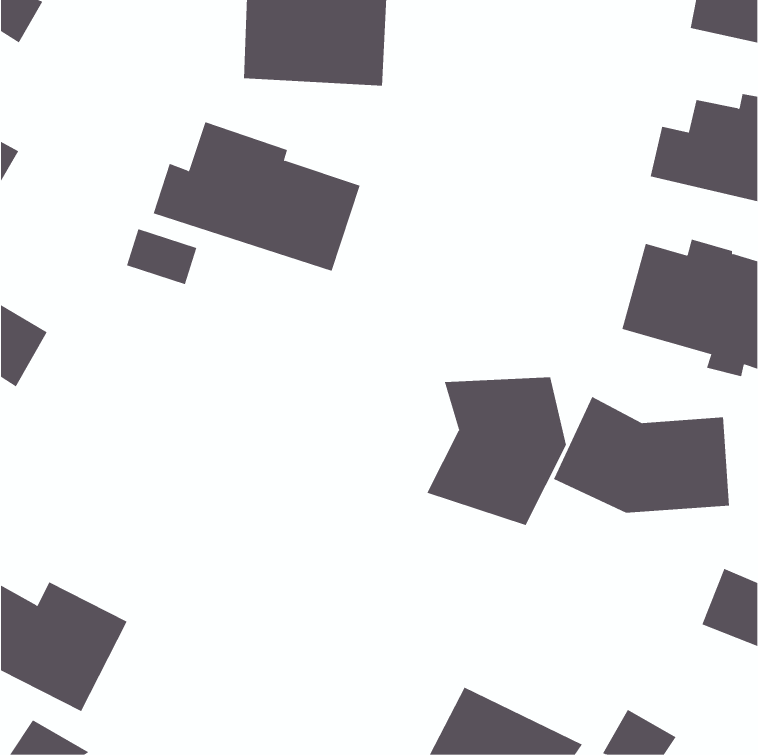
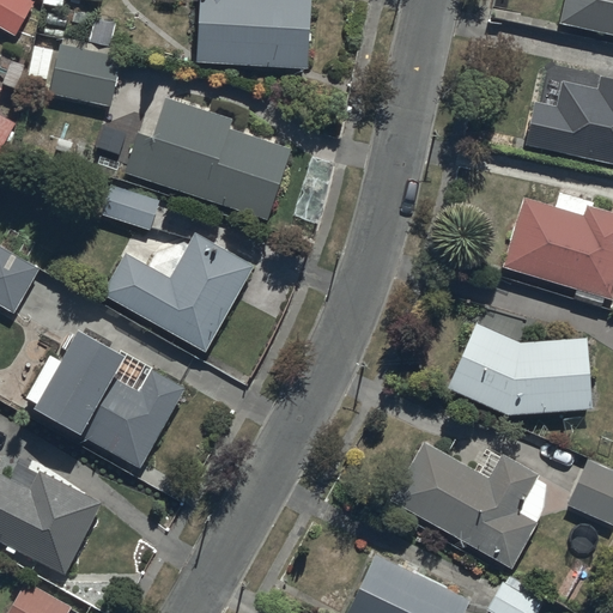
building: none -> [50,43,121,107]
building: none -> [103,232,255,352]
building: [426,377,567,526] -> none
building: none -> [35,333,188,469]
building: none -> [388,439,542,568]

